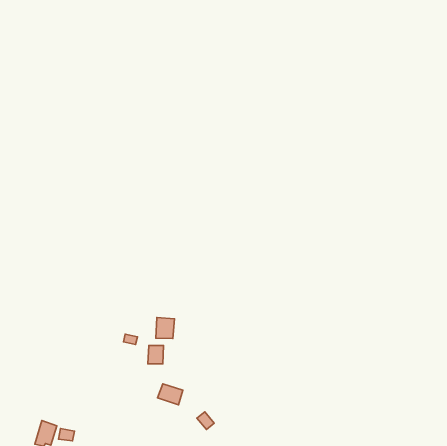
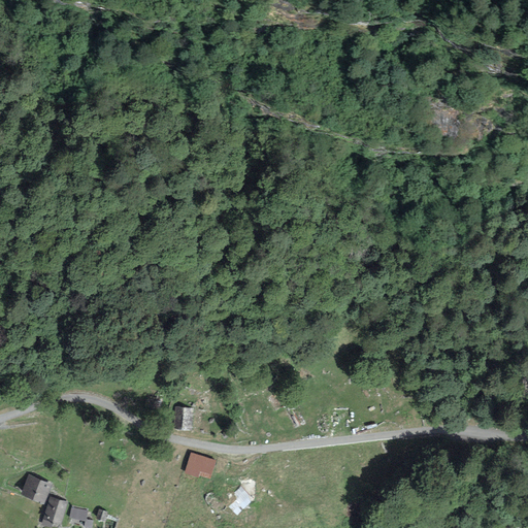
building: [156,318,174,338] -> none
building: none -> [20,473,52,504]

